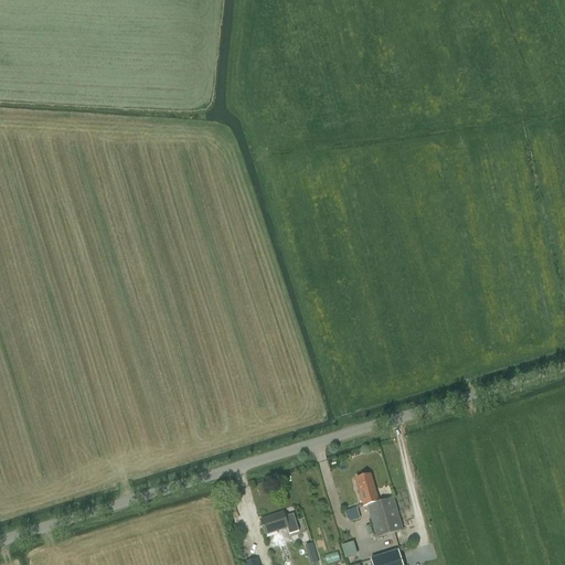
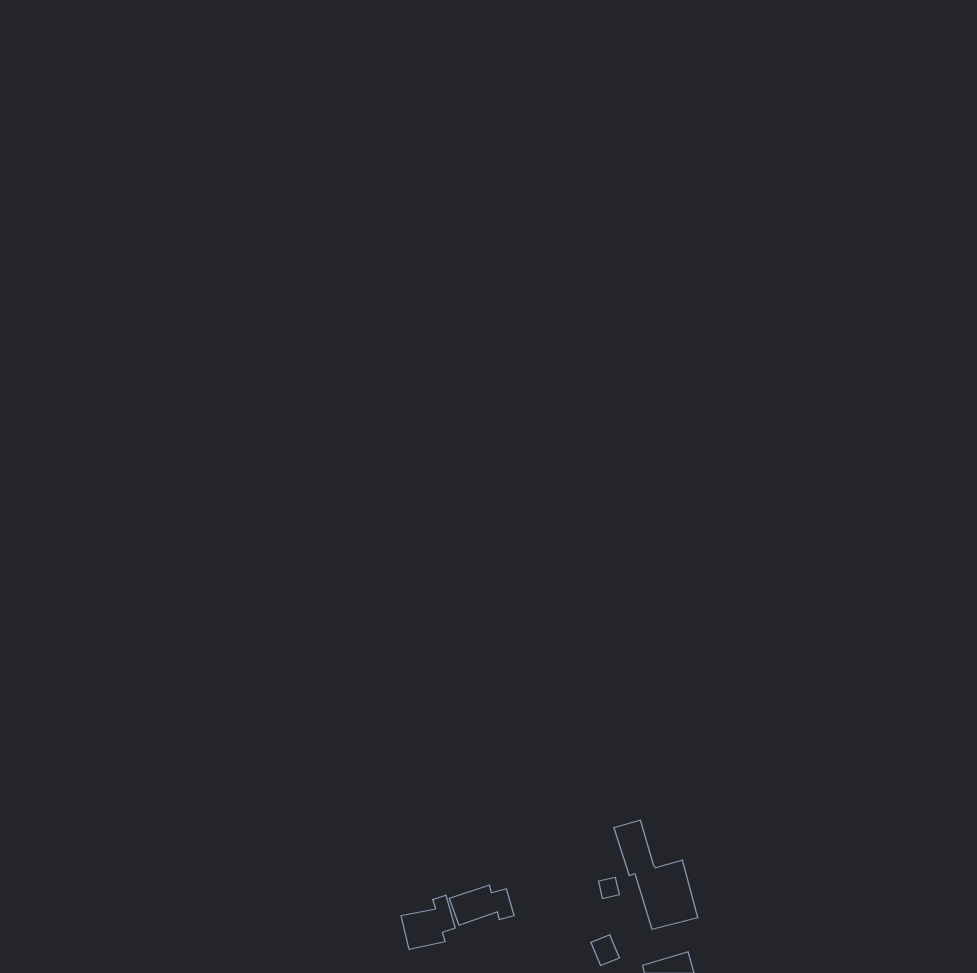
building: none -> [401,895,455,950]

